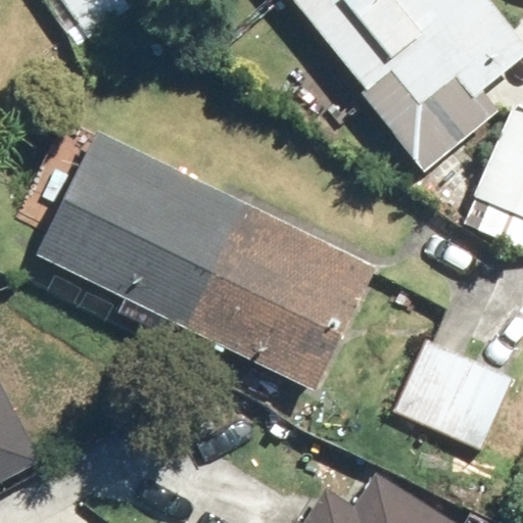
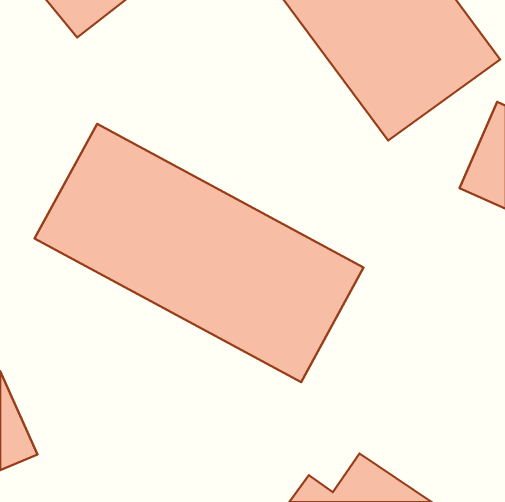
building: [392,342,513,453] -> none

